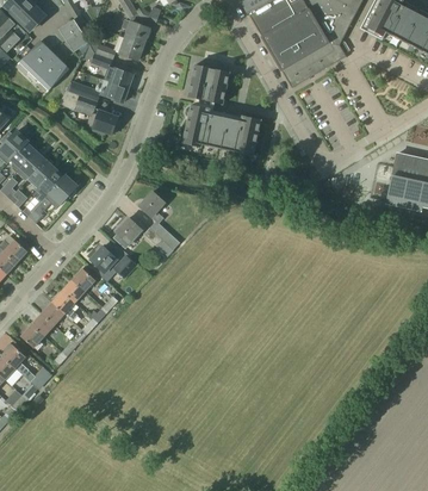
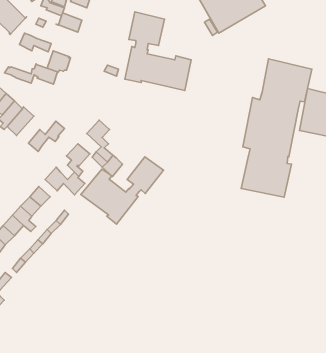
building: [66,77,128,101] -> [5,64,58,84]
building: none -> [241,59,312,197]
building: none -> [29,121,65,151]
building: none -> [81,157,164,224]

